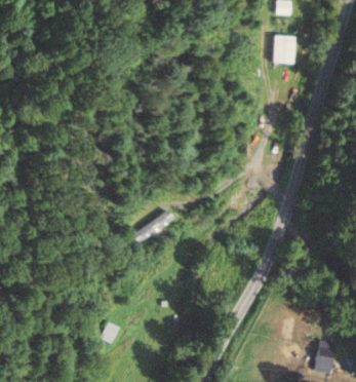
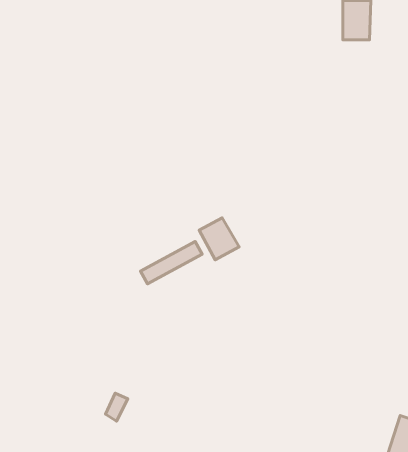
building: none -> [199,218,239,260]

